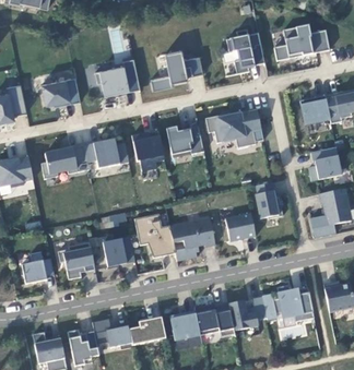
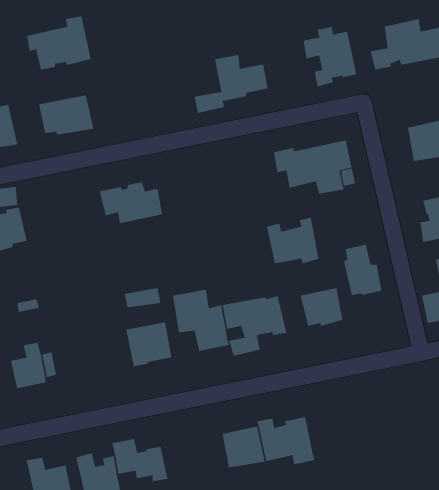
building: [94,58,140,96] -> [26,16,92,70]
building: [166,121,203,154] -> [266,217,319,264]
building: [131,130,164,171] -> none
building: [40,145,87,179] -> none
building: [57,242,94,279] -> none
building: [272,284,314,321] -> none
building: [228,296,266,331] -> none
building: [128,318,165,345] -> none

